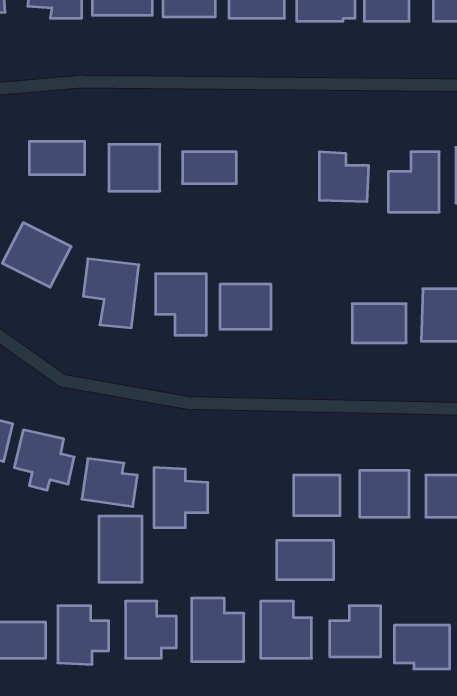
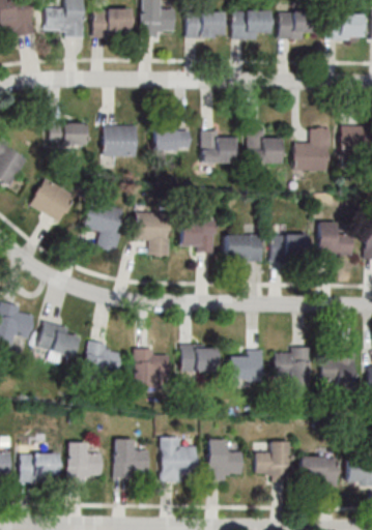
building: none -> [201,130,236,163]
building: none -> [224,235,263,259]
building: [99,516,142,582] -> none
building: [277,541,334,580] -> [180,345,220,372]

